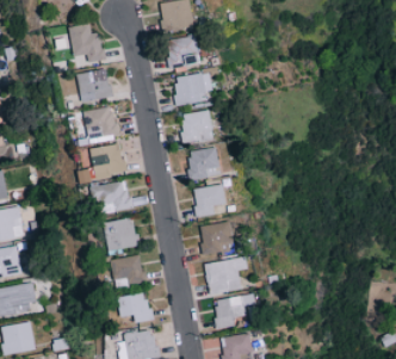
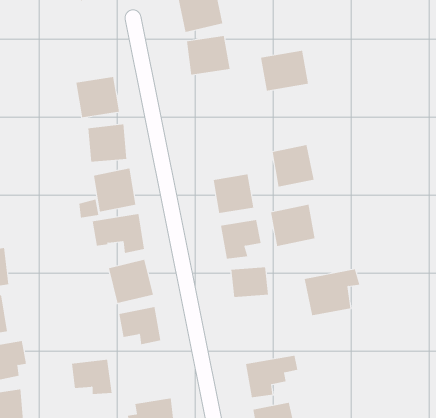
building: [69,24,105,62] -> none
building: [173,73,212,106] -> [260,50,309,91]
building: [180,110,215,144] -> [272,145,315,187]
building: none -> [271,204,315,247]
building: [204,256,249,295] -> [304,269,360,316]
building: [118,293,151,322] -> [71,359,112,395]

